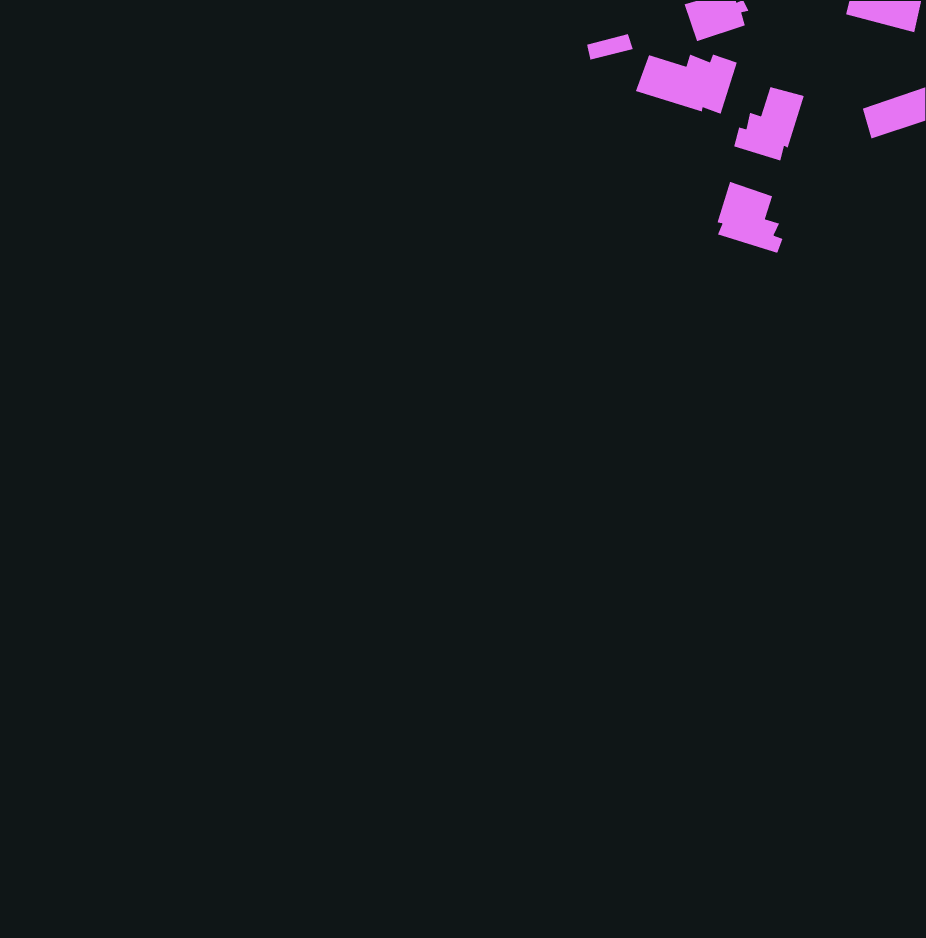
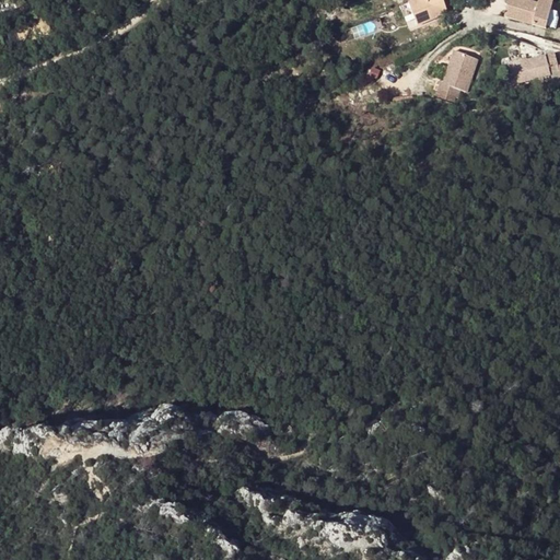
building: [635,54,738,115] -> none
building: [716,181,784,254] -> none

